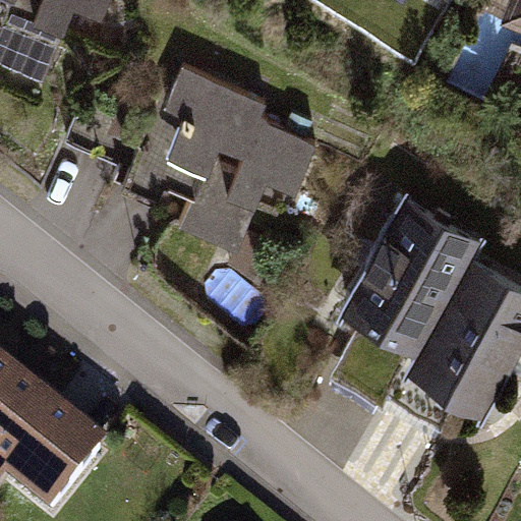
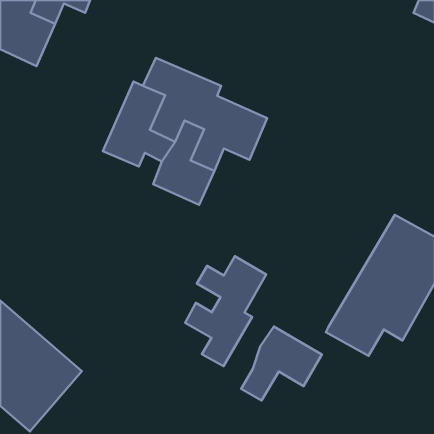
building: [342,195,483,392] -> none
building: none -> [185,256,266,366]
building: none -> [241,327,322,401]

